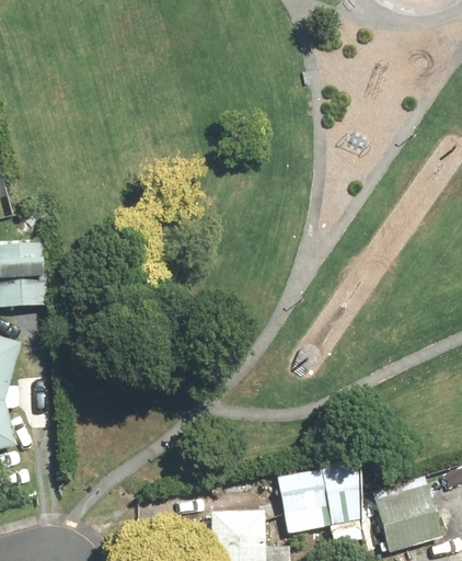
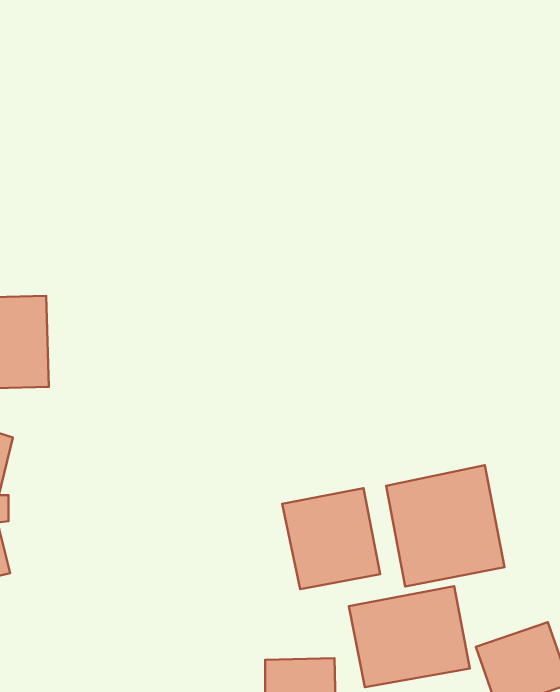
building: none -> [386,465,504,586]
building: none -> [282,488,380,589]

